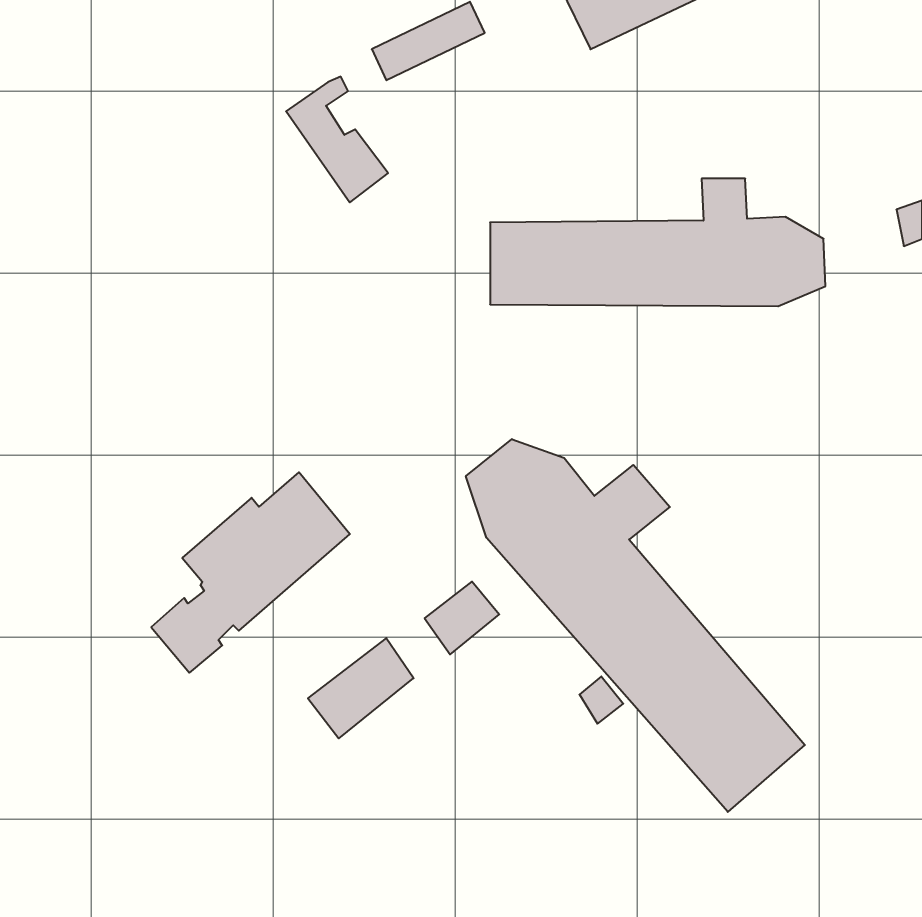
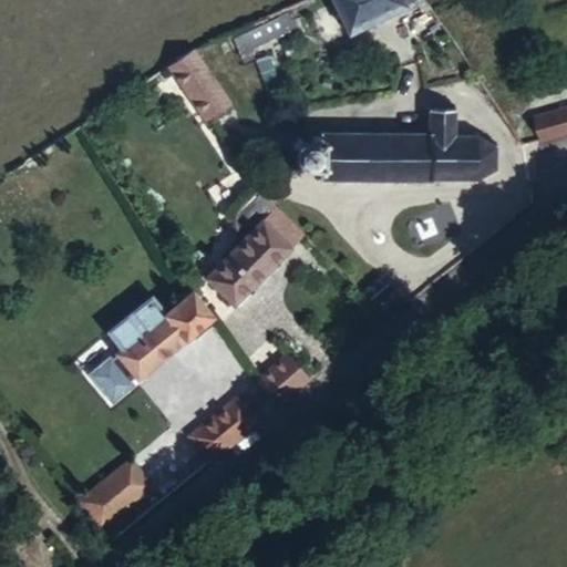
building: none -> [207,188,306,310]
building: [466,439,805,812] -> none
building: none -> [78,451,150,518]

